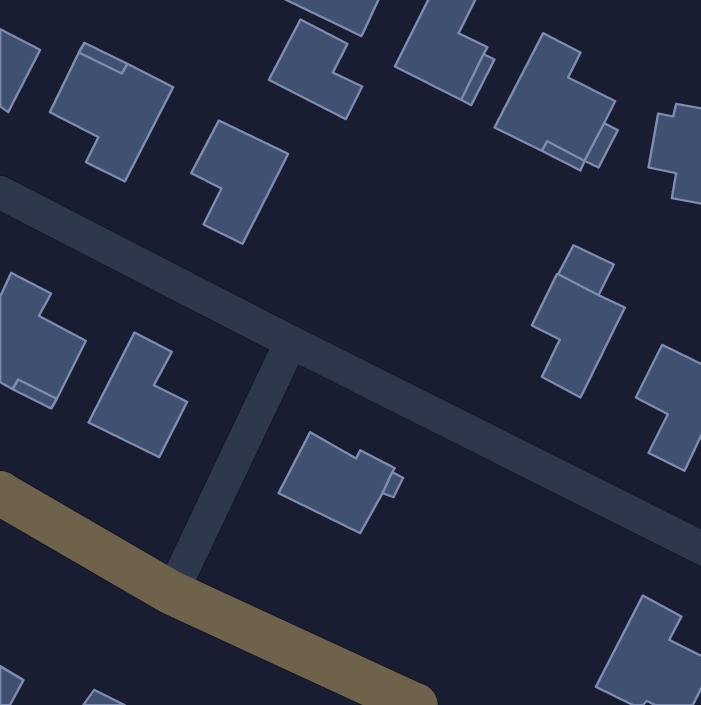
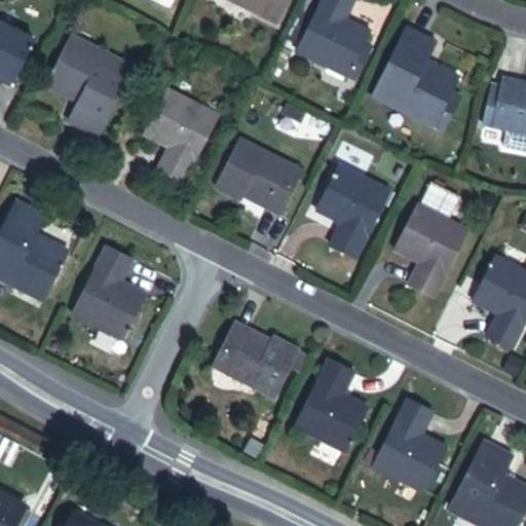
building: [269,20,362,119] -> none
building: none -> [213,139,302,216]
building: none -> [321,163,389,254]
building: none -> [295,359,363,451]
building: none -> [373,399,442,490]

